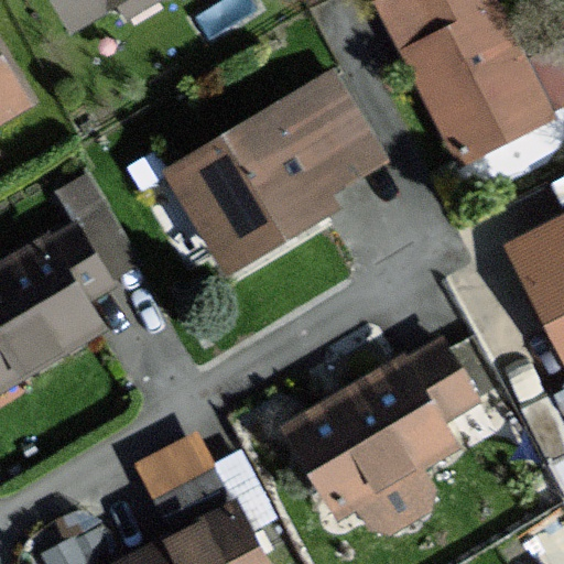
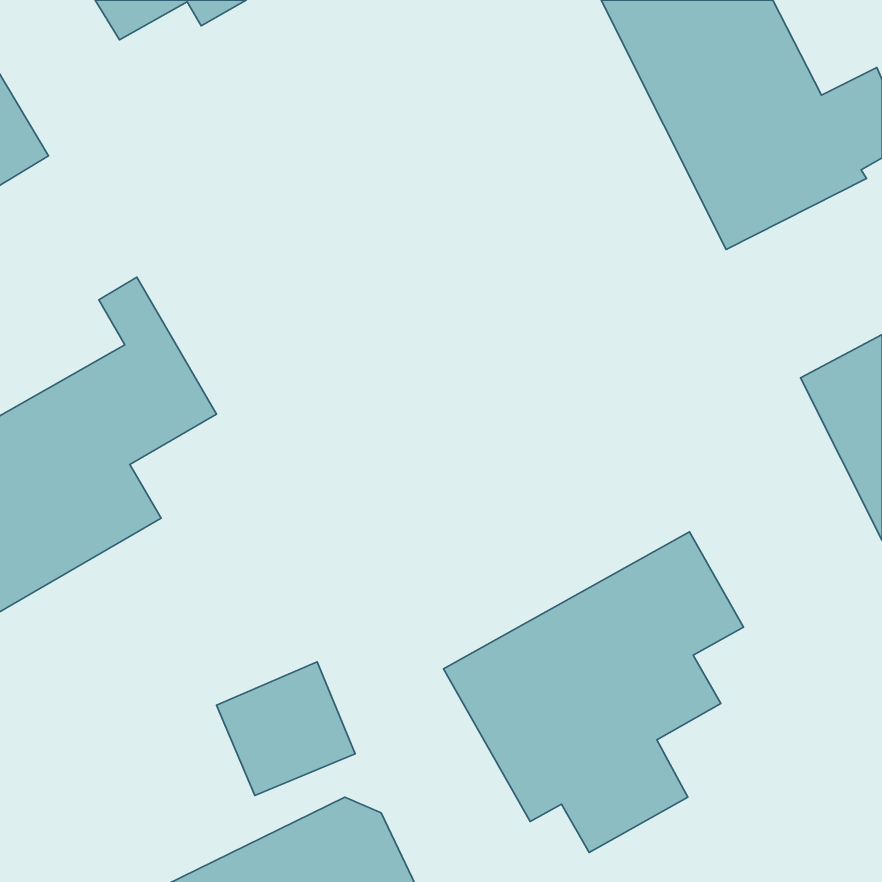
building: [171,75,384,271] -> none

